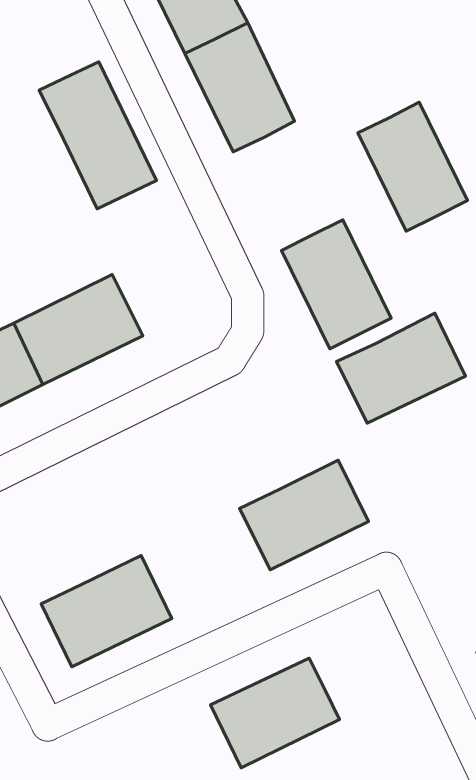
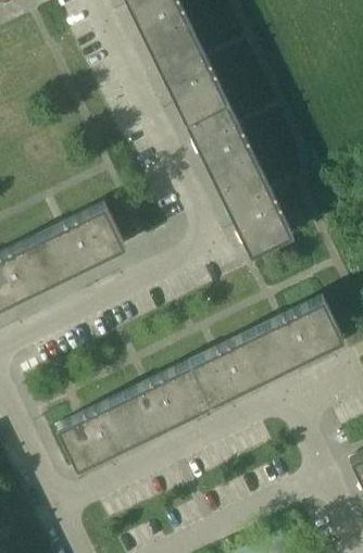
building: [39,62,157,209] -> none
building: [358,102,467,231] -> [186,103,260,190]
building: [337,313,466,423] -> [256,299,343,373]
building: [211,658,340,768] -> [124,364,211,438]

